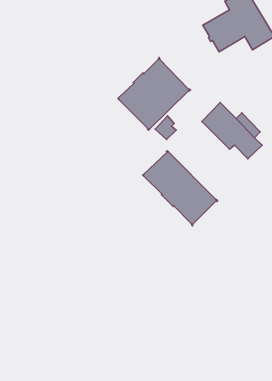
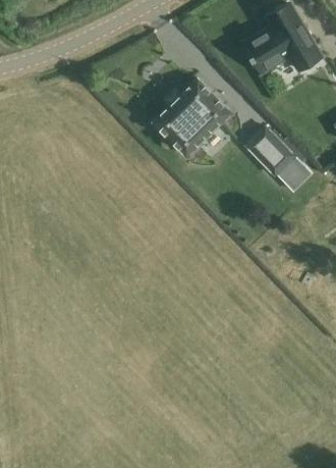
building: [143,151,218,226] -> none

